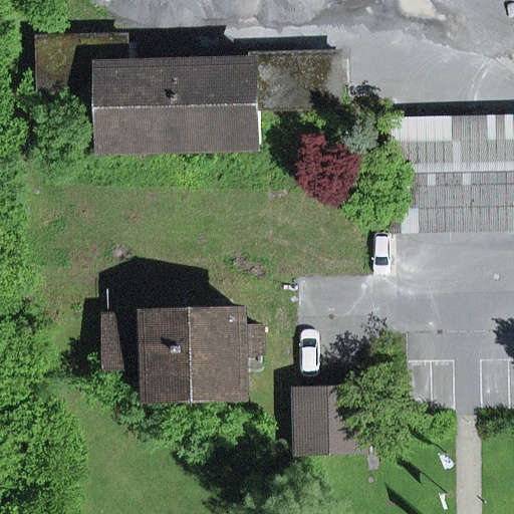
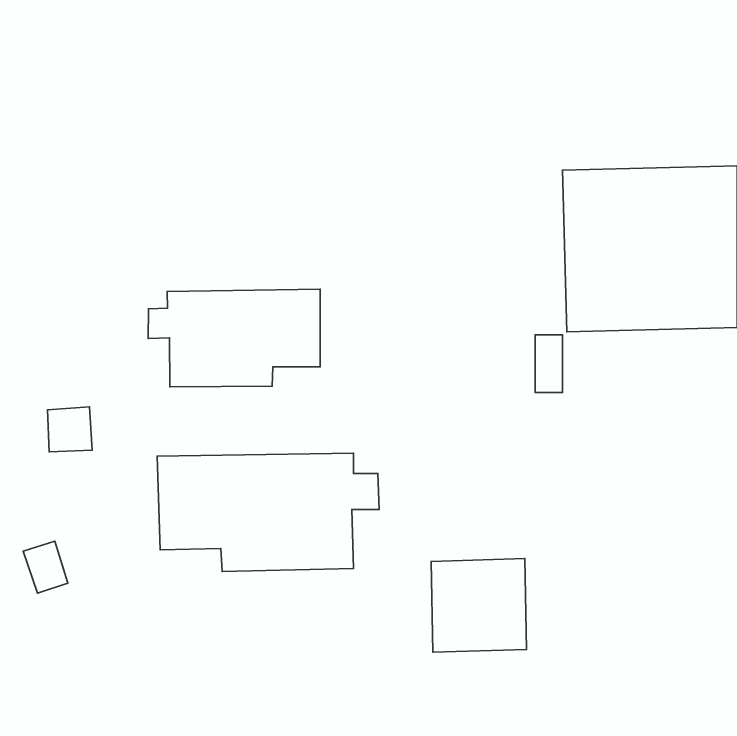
building: [41,38,342,148] -> none
building: none -> [148,289,320,387]

